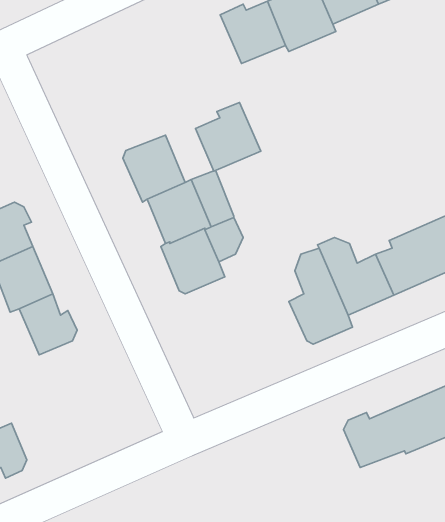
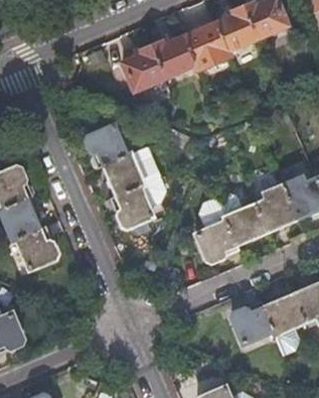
building: [195,102,261,171] -> [121,44,164,90]

